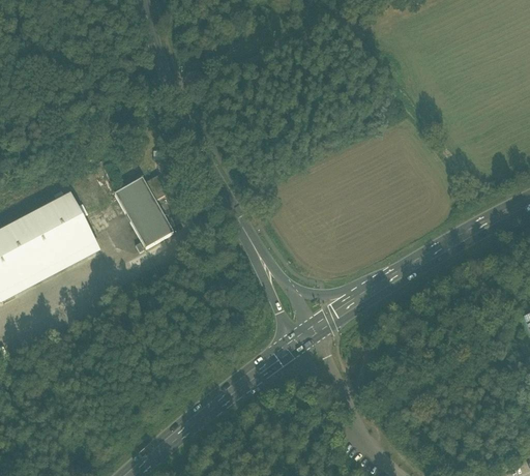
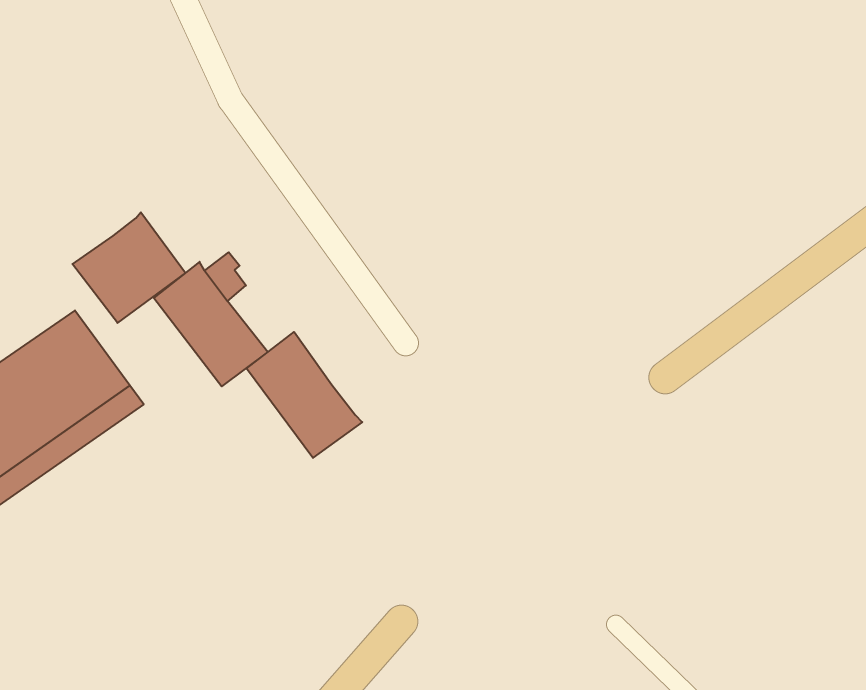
building: none -> [72,212,186,323]
building: none -> [247,332,362,458]

